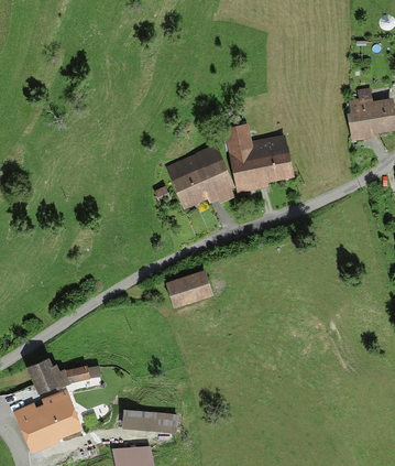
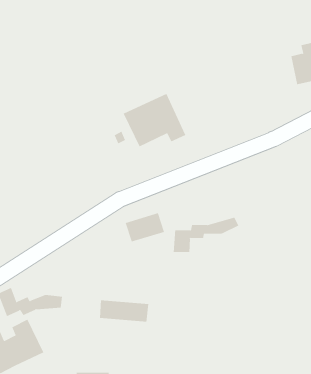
building: [227,129,293,188] -> none
building: none -> [173,217,239,253]
building: [123,410,177,434] -> [99,300,149,322]

